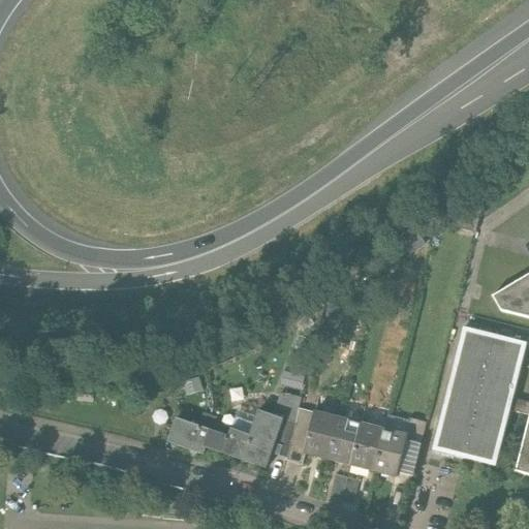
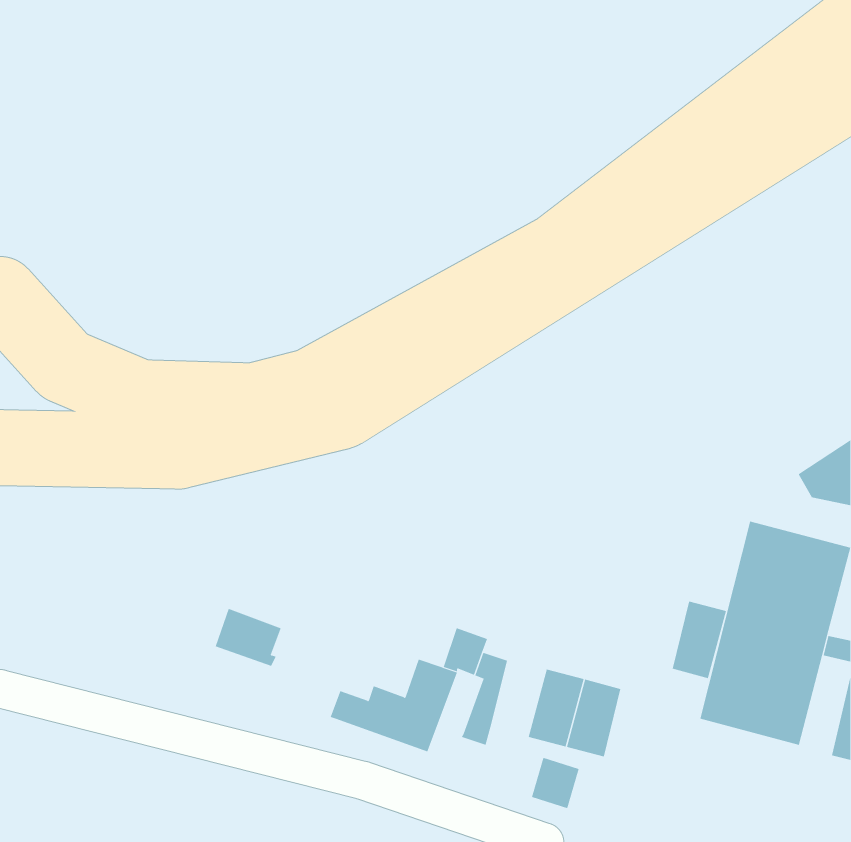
building: [305,410,339,458] -> none
building: [272,415,300,456] -> none
building: [169,416,211,453] -> [215,608,282,667]
building: [375,428,409,476] -> [672,601,727,679]

